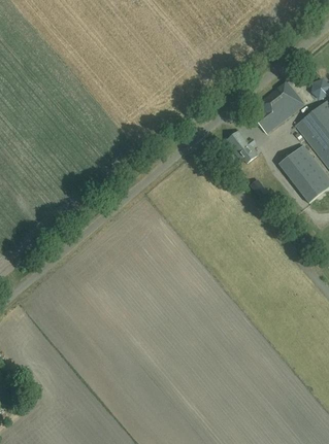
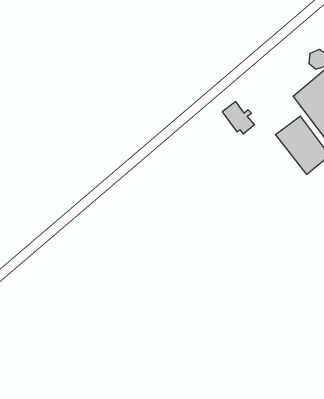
building: [256,80,304,133] -> none

